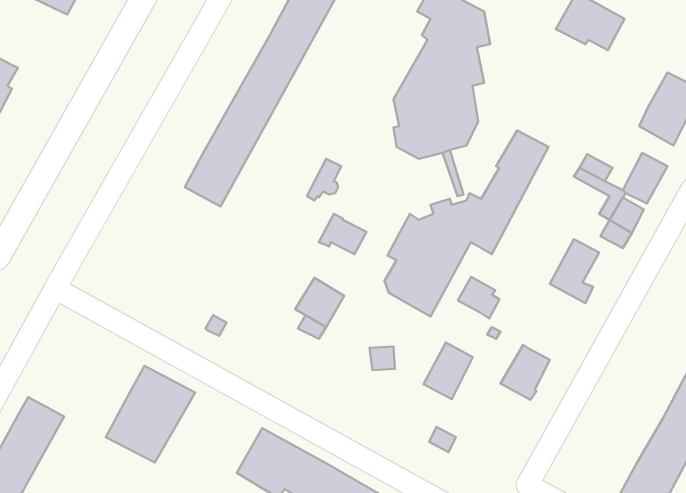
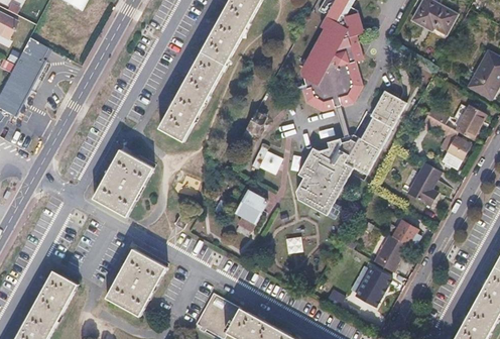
building: none -> [93,149,153,217]
building: [458,277,500,319] -> [391,221,419,249]
building: [424,342,473,399] -> [356,268,389,307]

